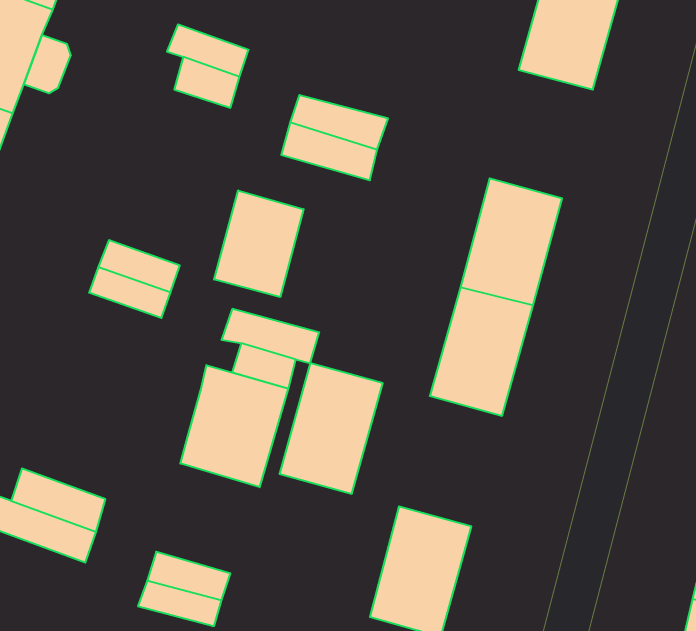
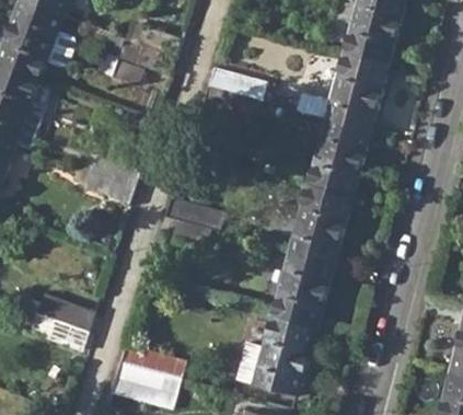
building: none -> [326,53,389,130]
building: [214,190,304,297] -> none
building: [279,363,383,494] -> [271,250,334,328]
building: [180,365,288,487] -> none

